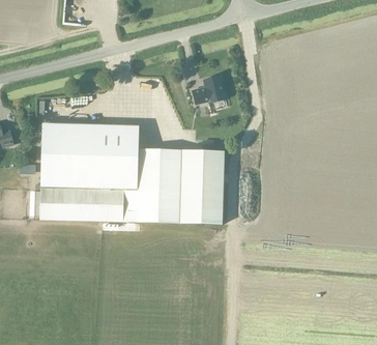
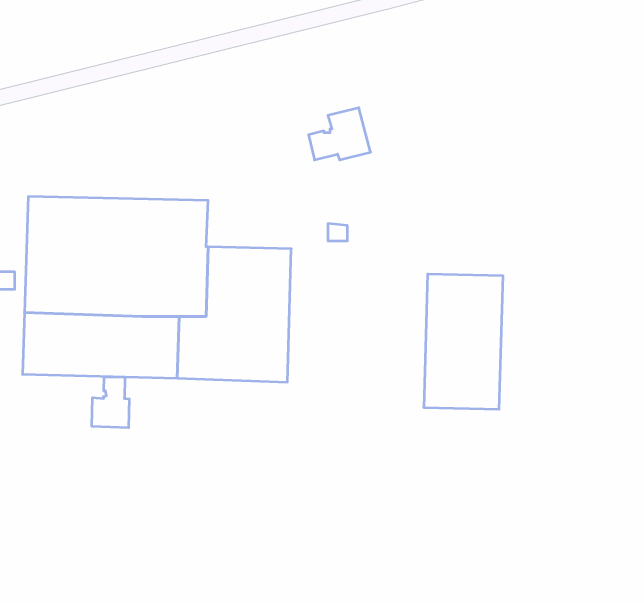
building: [181,150,224,223] -> [424,274,503,409]
building: none -> [92,377,129,428]

